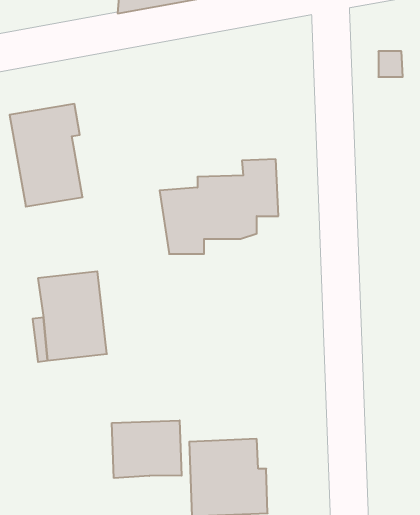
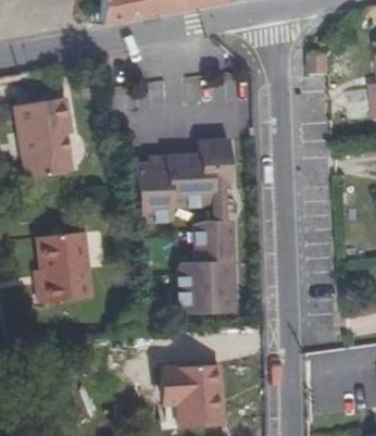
building: none -> [178,220,235,312]
building: [112,420,182,478] -> none

